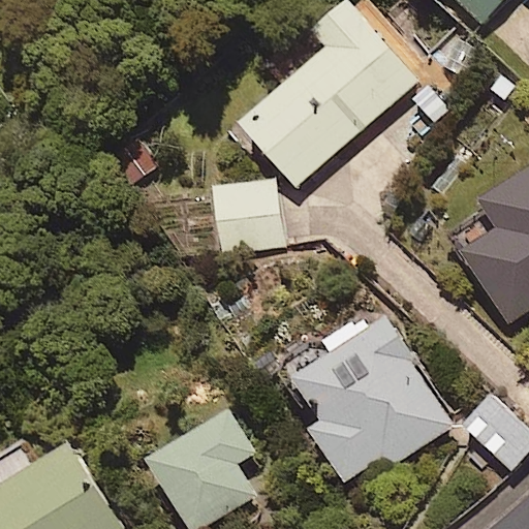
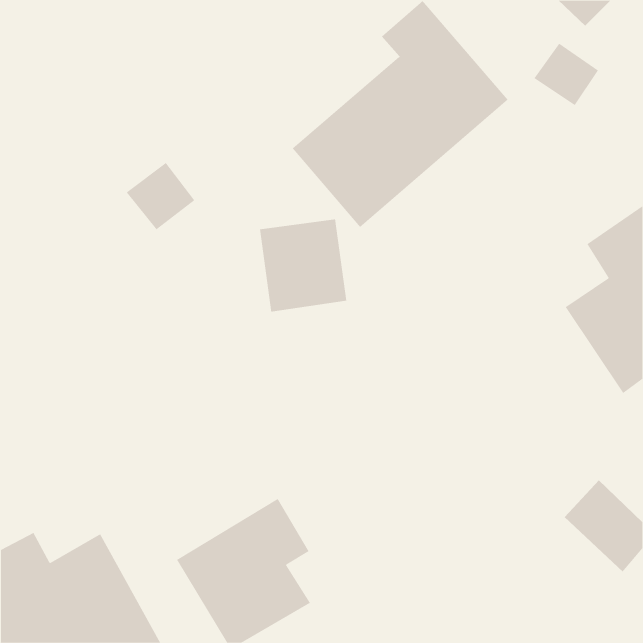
building: [289,314,454,481] -> none

